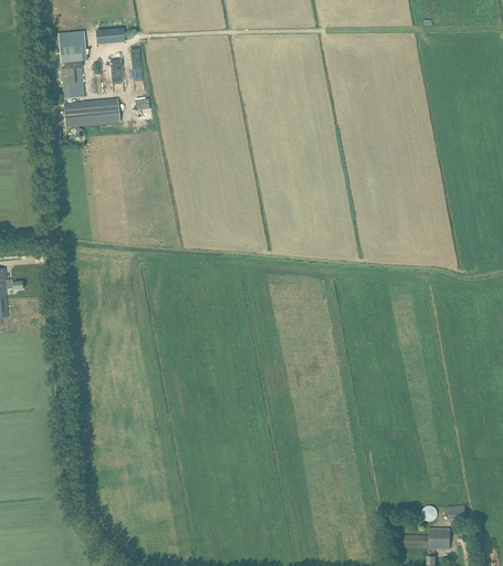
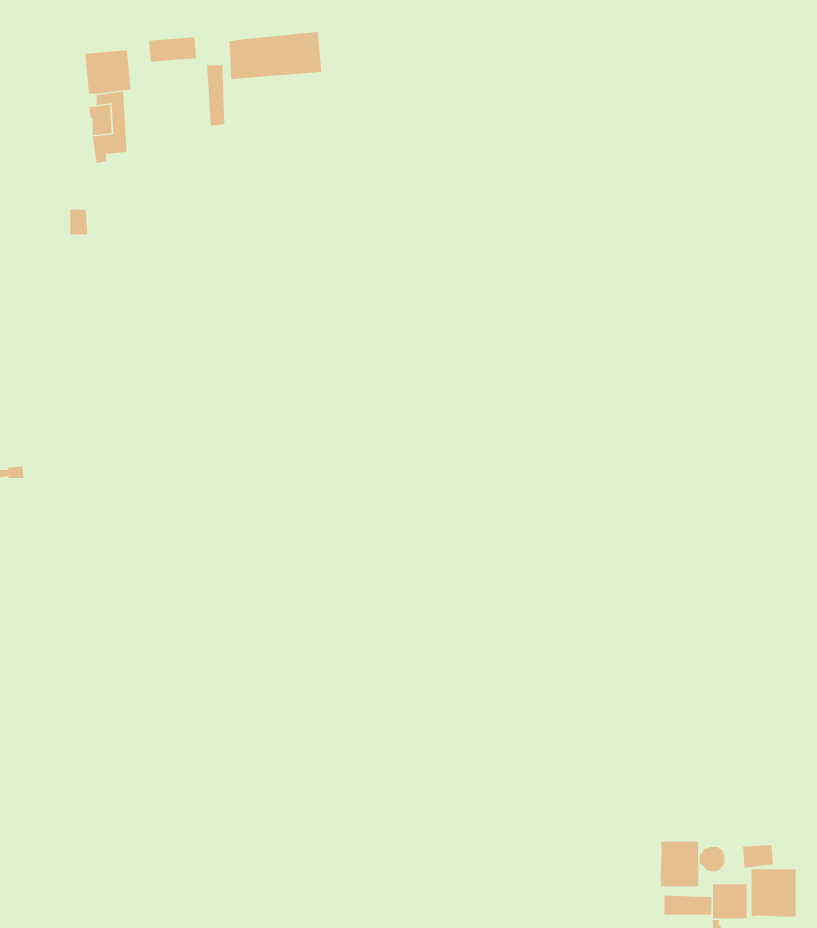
building: [64,97,119,126] -> [228,31,322,80]
building: none -> [660,841,699,887]
building: none -> [751,868,796,917]

